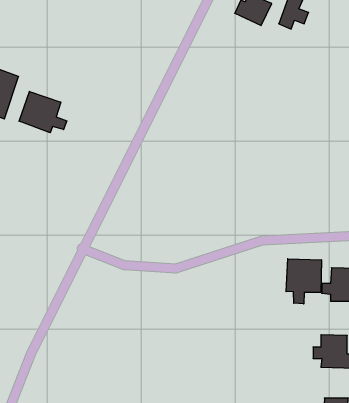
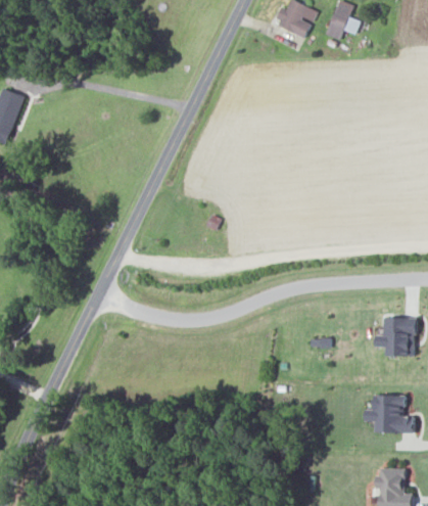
building: [19,91,67,133] -> none
building: [286,259,321,304] -> none

